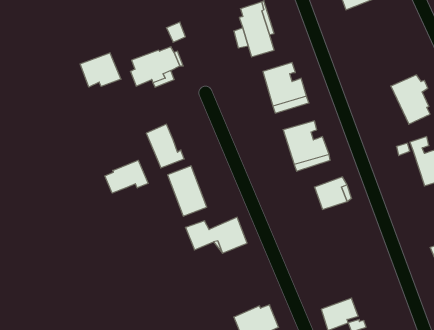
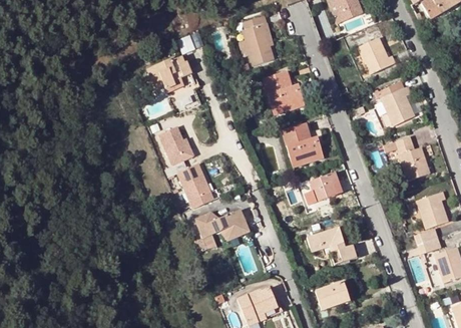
building: none -> [358,37,395,74]
building: [80,53,121,87] -> none
building: [105,160,148,193] -> none
building: none -> [308,228,360,264]

